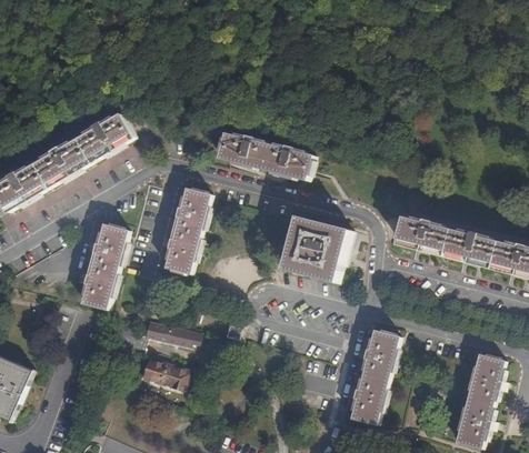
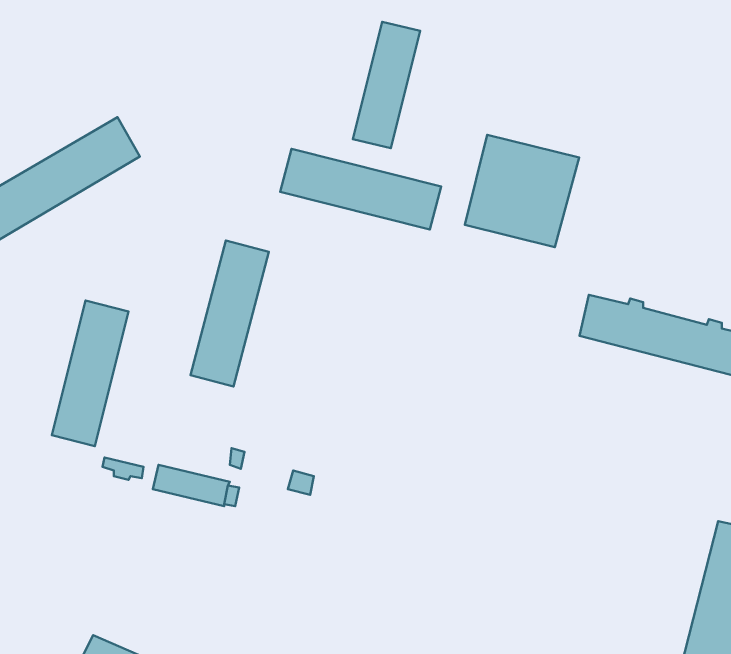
building: none -> [353,22,420,148]
building: [282,217,350,283] -> [465,135,579,247]
building: [349,330,398,425] -> none
building: [133,354,184,389] -> none

